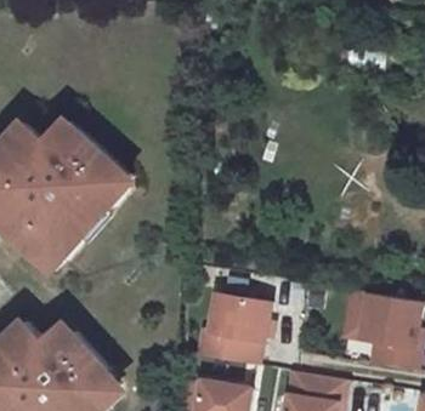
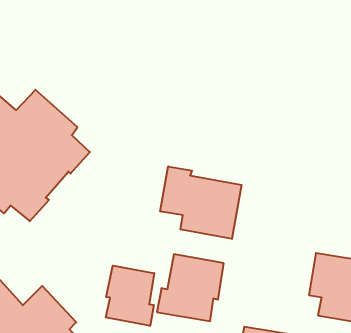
building: none -> [160,166,242,239]
building: none -> [106,266,154,326]

